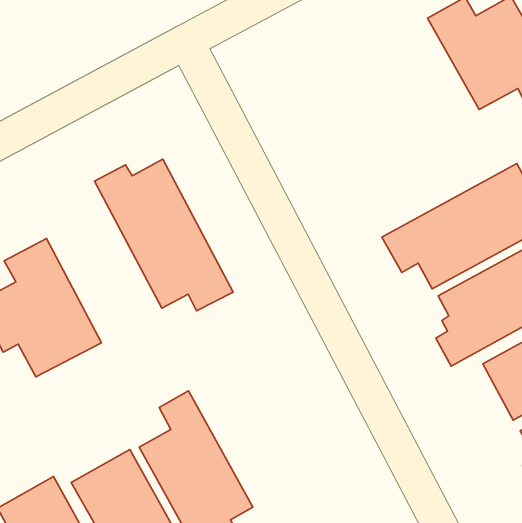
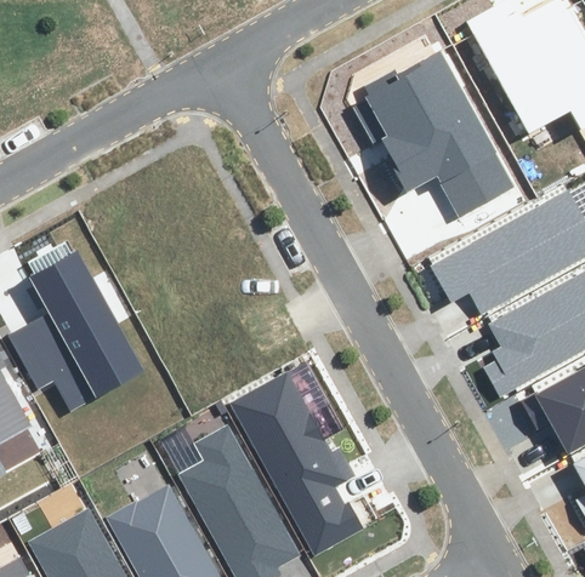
building: none -> [369,48,513,216]
building: [95,159,233,311] -> none
building: none -> [235,375,362,550]

